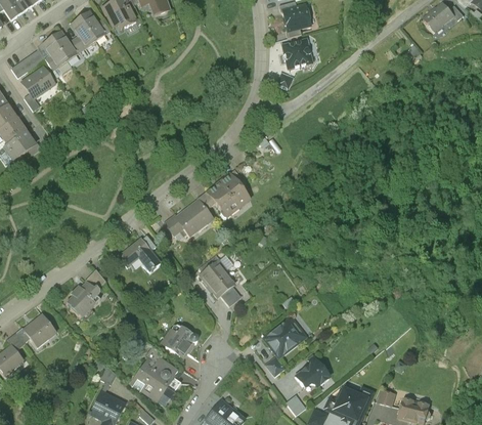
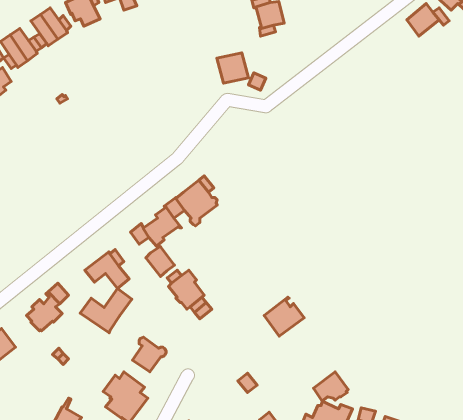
building: [281,40,311,69] -> [217,53,248,83]
building: none -> [146,246,175,276]
building: none -> [80,289,132,333]
building: [264,320,302,356] -> [264,297,304,336]
building: [296,358,328,386] -> [314,372,348,401]

